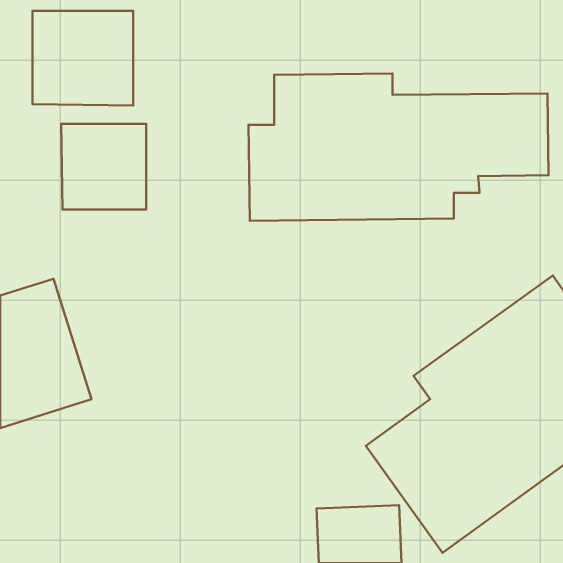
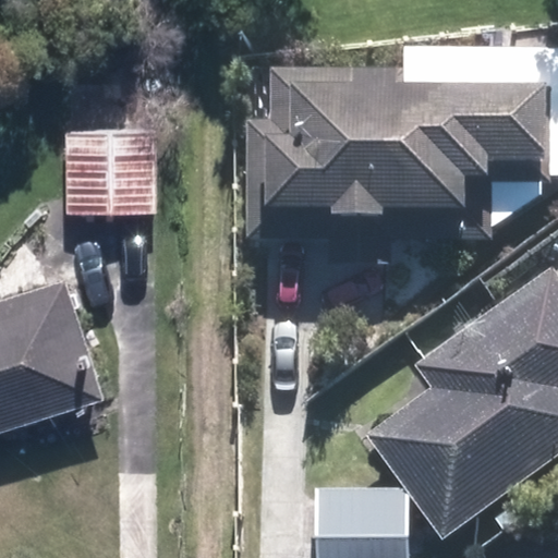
building: [33,11,133,105] -> none

